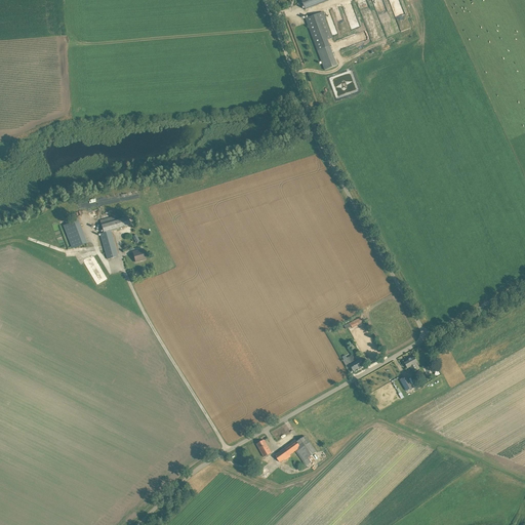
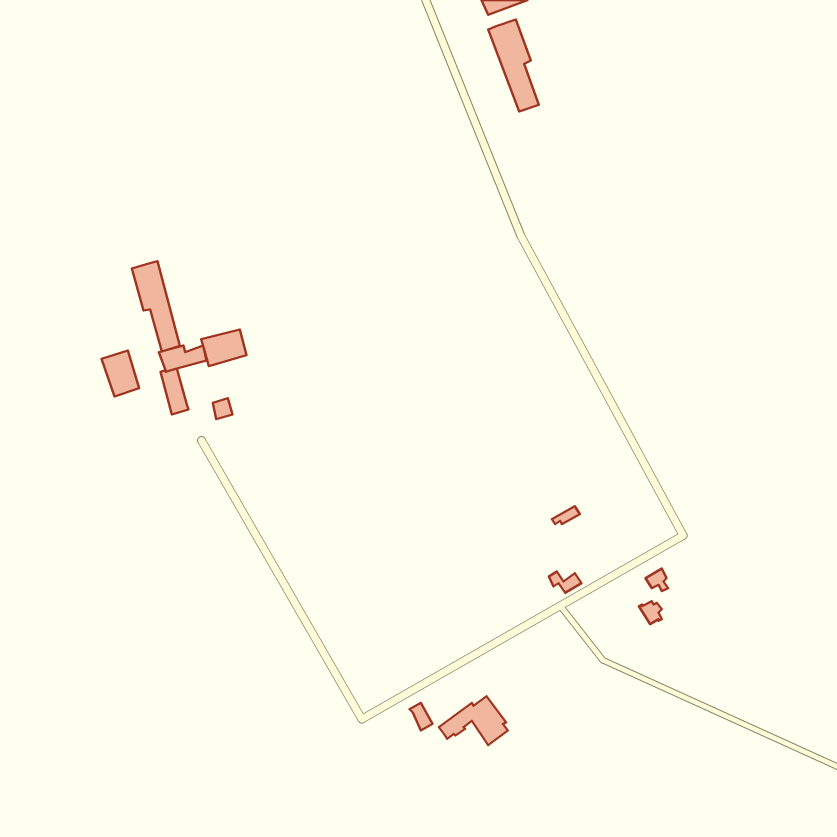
building: none -> [132,261,180,351]
building: none -> [201,330,247,366]

